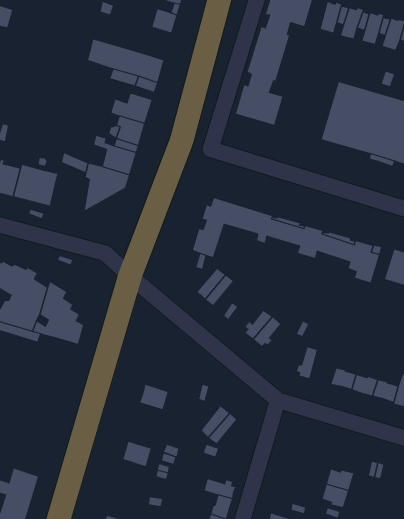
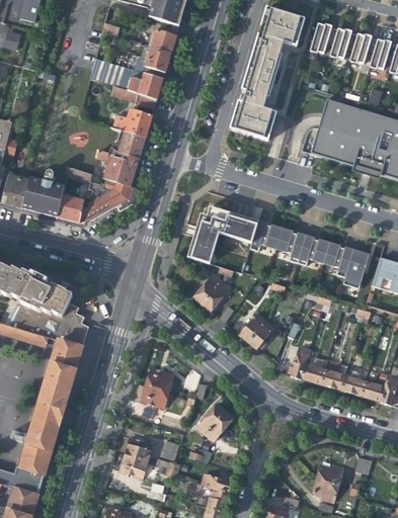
building: none -> [137,45,170,78]
building: none -> [56,193,83,222]
building: none -> [20,339,82,470]
building: none -> [301,355,327,383]
building: none -> [145,367,172,391]
building: none -> [118,454,146,478]

